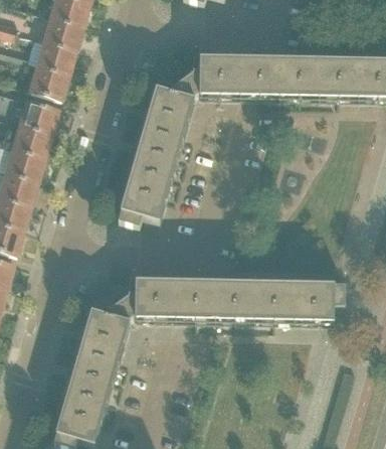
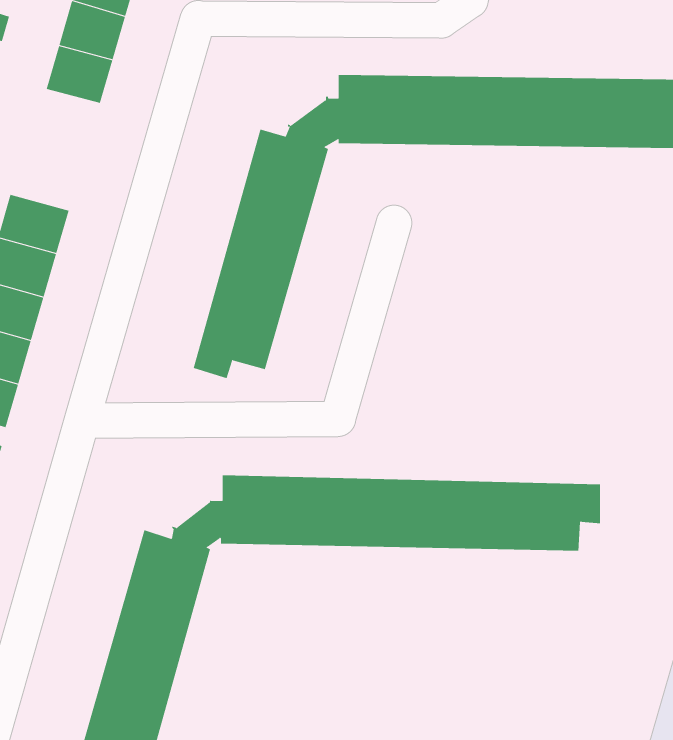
building: [31,64,68,98] -> none
building: [18,99,58,132] -> none

